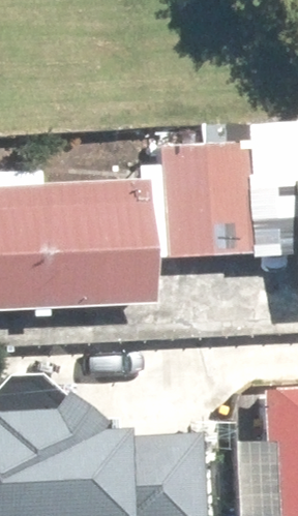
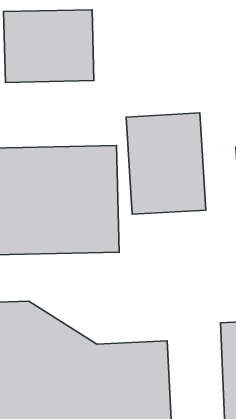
building: none -> [4,10,94,83]

